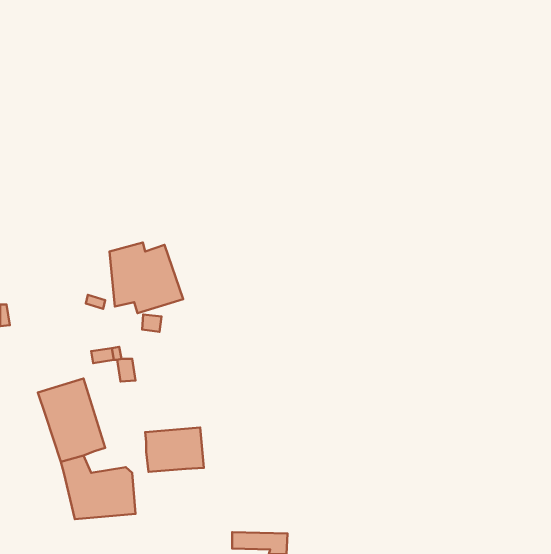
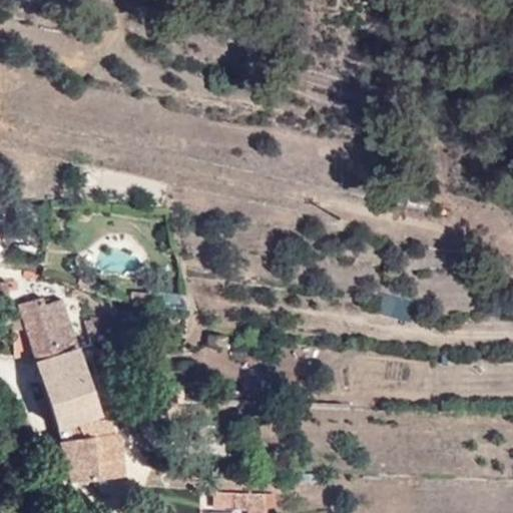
building: [109,243,183,313] -> [12,298,80,363]
building: [145,427,204,472] -> none

